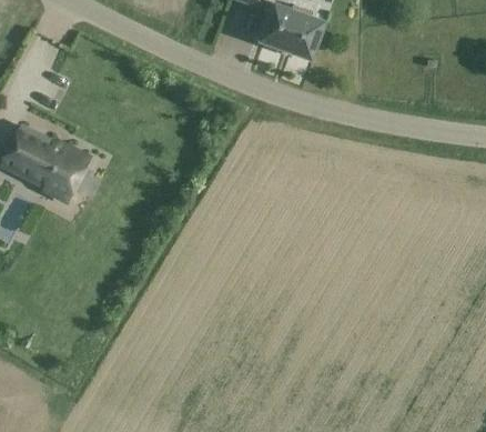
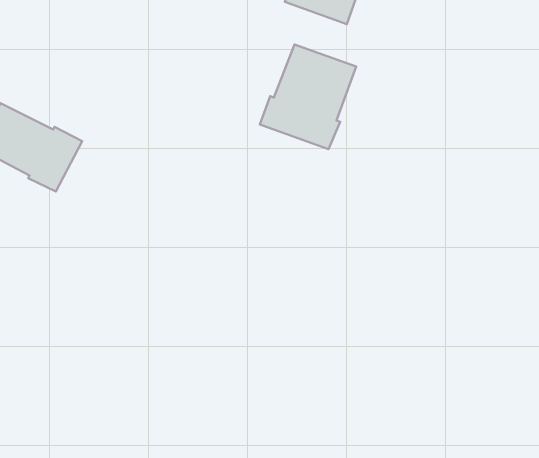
building: none -> [260,44,356,149]

